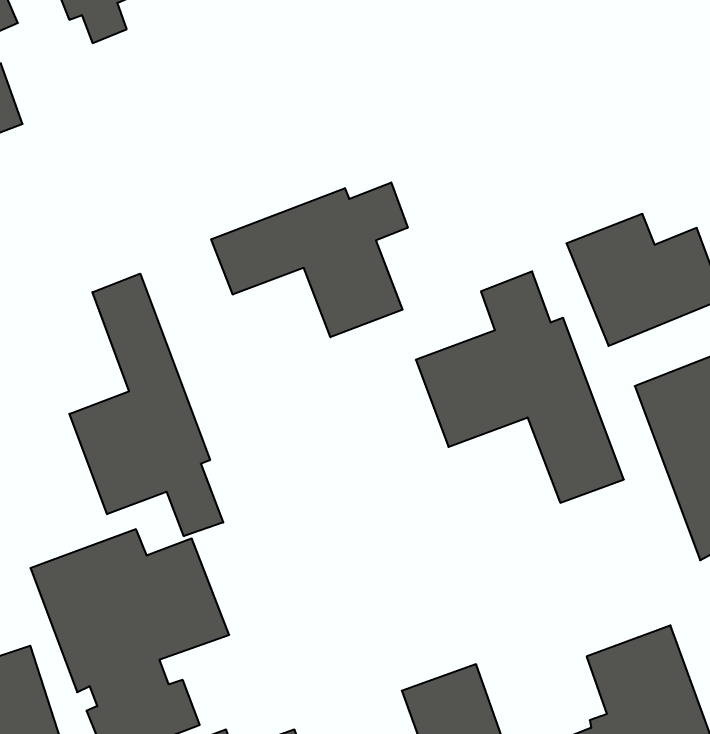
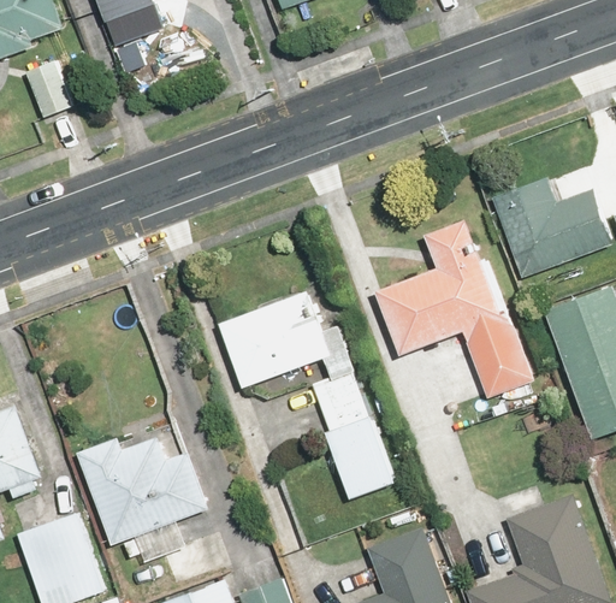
building: [211,182,408,337] -> none
building: [69,274,223,536] -> none
building: none -> [219,288,396,498]

